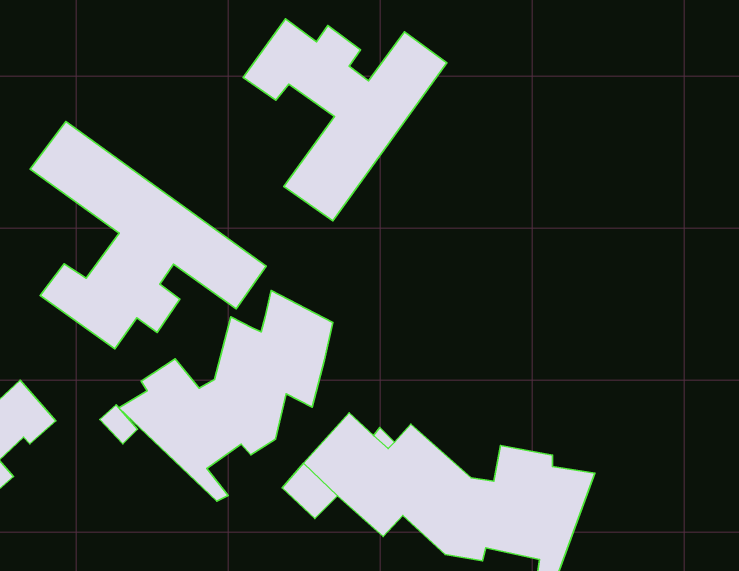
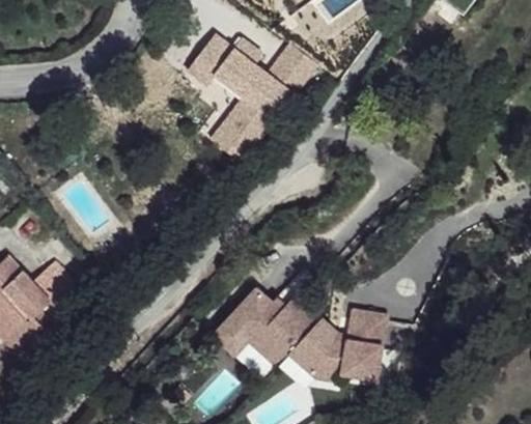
building: [30,122,266,349] -> none
building: [119,290,333,501] -> none

